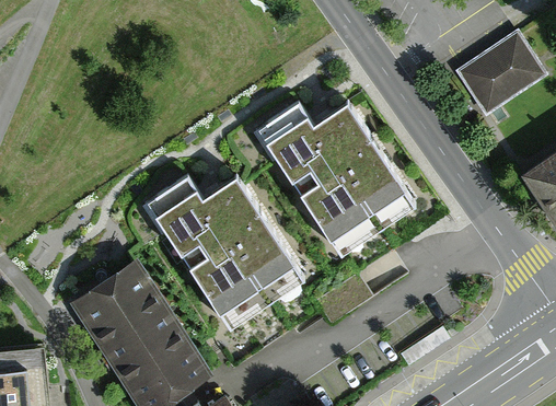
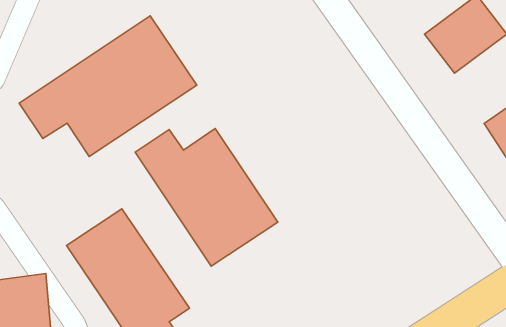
building: none -> [19,16,197,157]
building: [258,104,410,251] -> none

